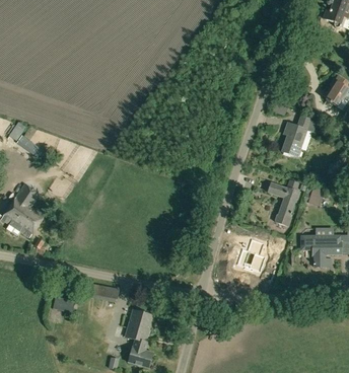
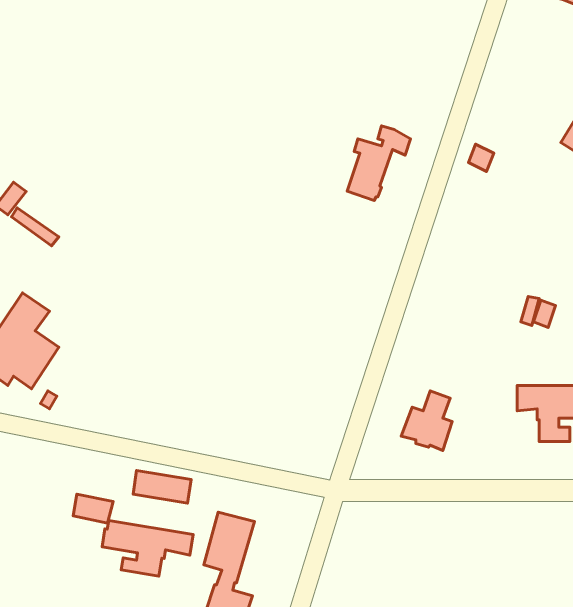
building: [282,116,318,157] -> [347,126,411,200]
building: [267,179,300,226] -> none
building: none -> [102,520,193,576]

